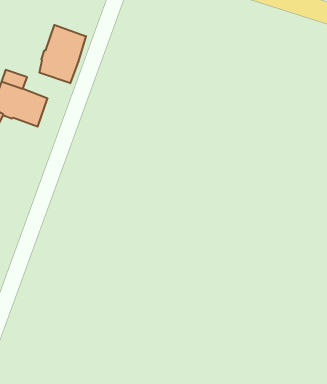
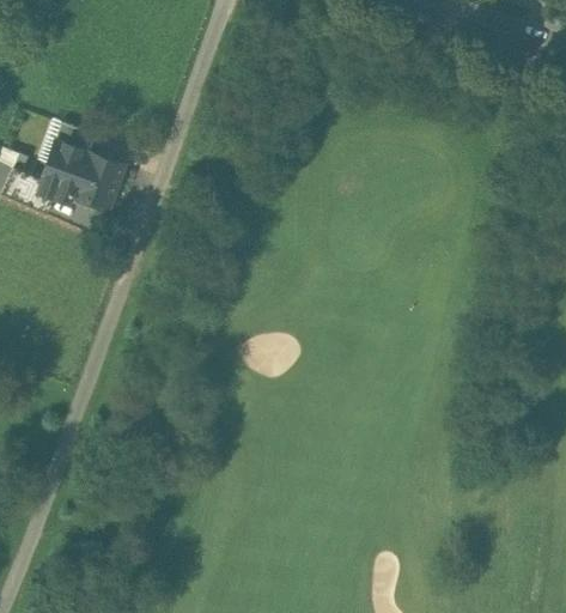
building: [40,25,86,83] -> none

